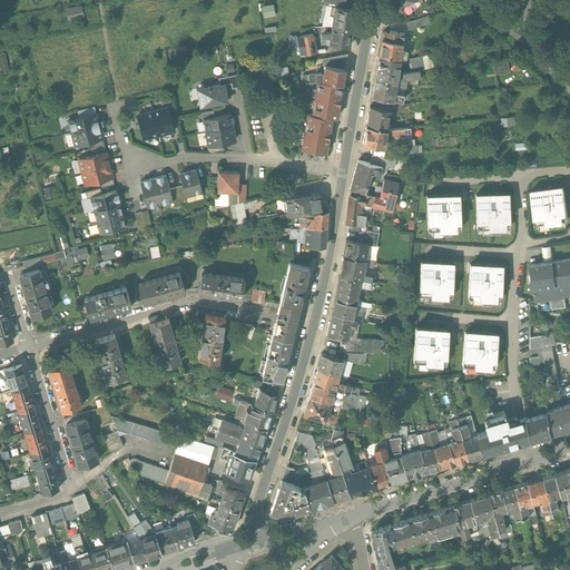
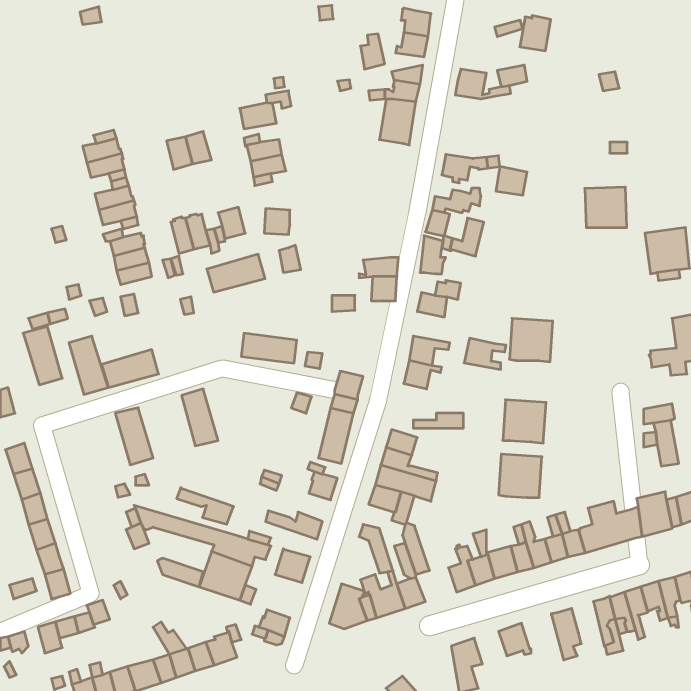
building: [380,32,405,61] -> [520,16,551,51]
building: [372,79,407,104] -> none
building: [367,108,393,131] -> [496,167,527,195]
building: [302,115,333,155] -> none
building: [287,196,322,216] -> none
building: [476,196,511,229] -> [585,187,627,228]
building: [428,197,462,232] -> none
building: [341,257,375,283] -> [464,338,506,369]
building: [532,263,557,289] -> none
building: [281,265,309,311] -> none
building: [469,266,504,301] -> none
building: [138,273,186,304] -> [207,254,265,292]
building: [199,316,226,362] -> none
building: [328,316,357,343] -> none
building: [463,333,499,368] -> [499,454,542,497]
building: [50,365,82,413] -> [69,336,108,394]
building: [243,405,273,430] -> none
building: [67,420,98,468] -> none
building: [215,429,262,459] -> [177,488,234,524]
building: [343,468,376,495] -> none
building: [215,482,245,509] -> none
building: [471,495,499,535] -> none
building: [430,507,460,534] -> none
building: [391,520,417,550] -> none

